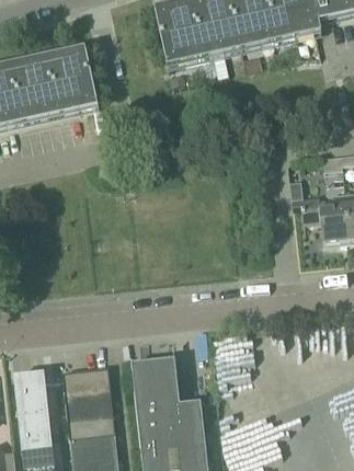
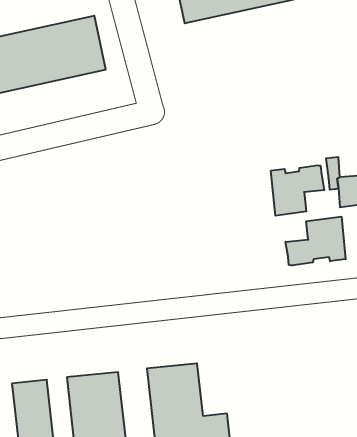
building: none -> [271,165,324,216]
building: none -> [286,217,346,266]

